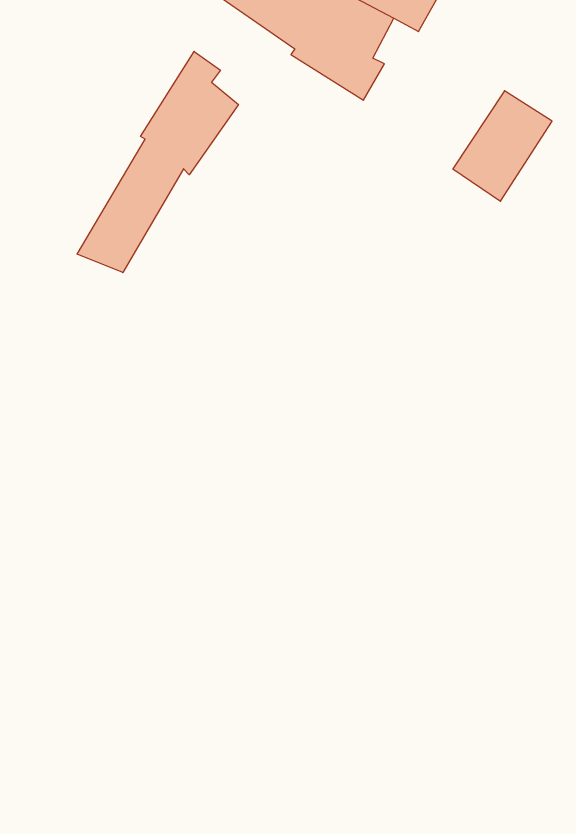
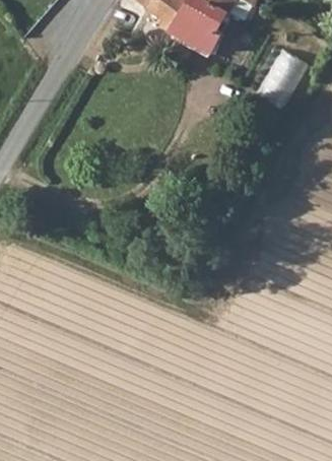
building: [77,51,238,273] -> none

